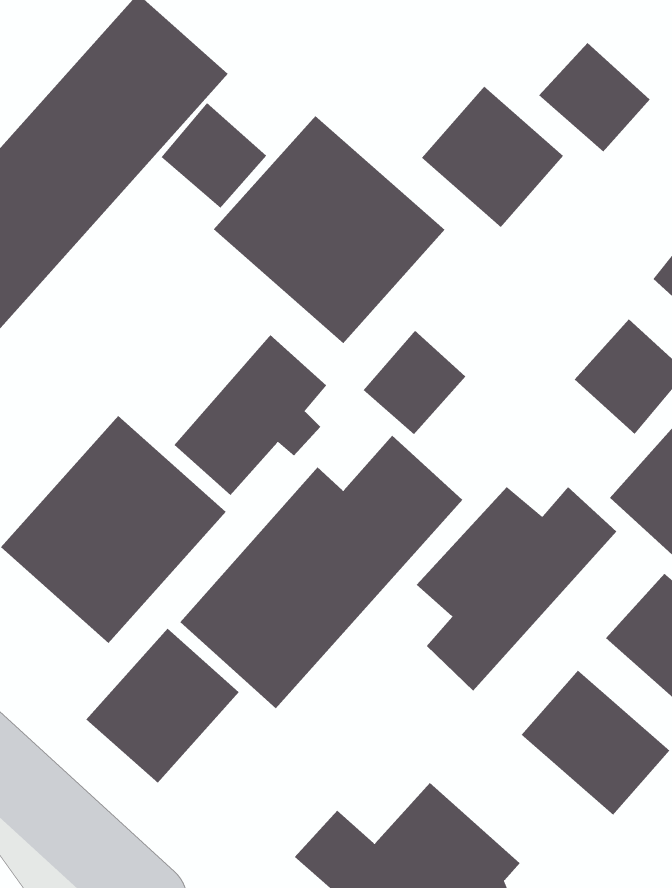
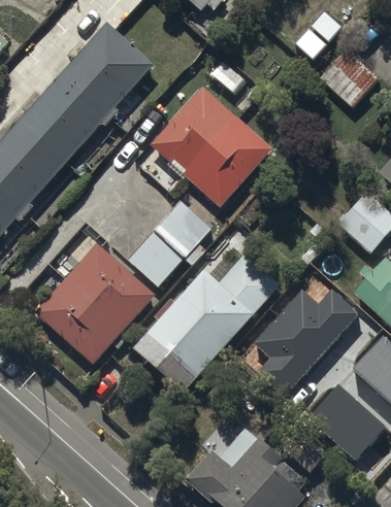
building: [421,85,564,228] -> none
building: [160,102,267,209] -> none
building: [362,330,466,435] -> none
building: [86,628,240,784] -> none

